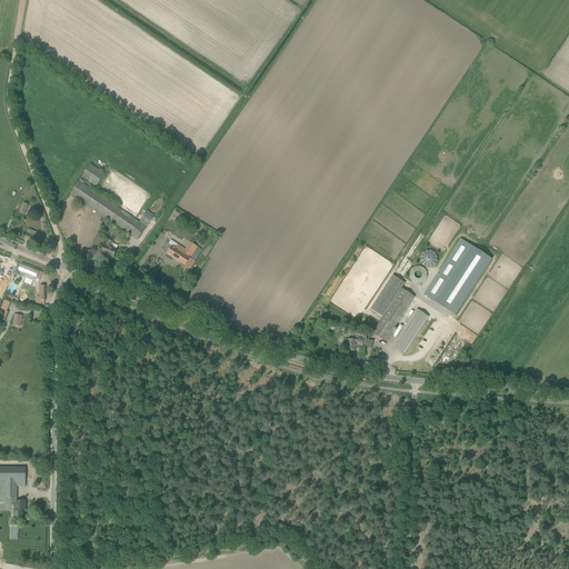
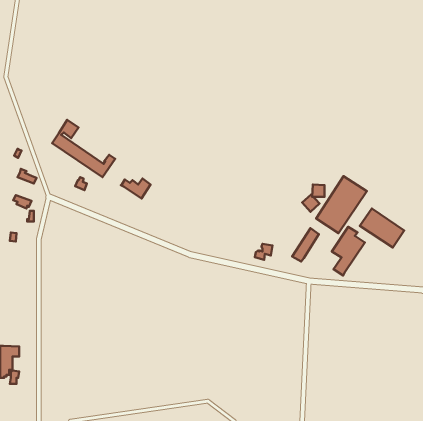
building: [370,273,415,339] -> [332,227,365,276]
building: none -> [360,208,404,248]

